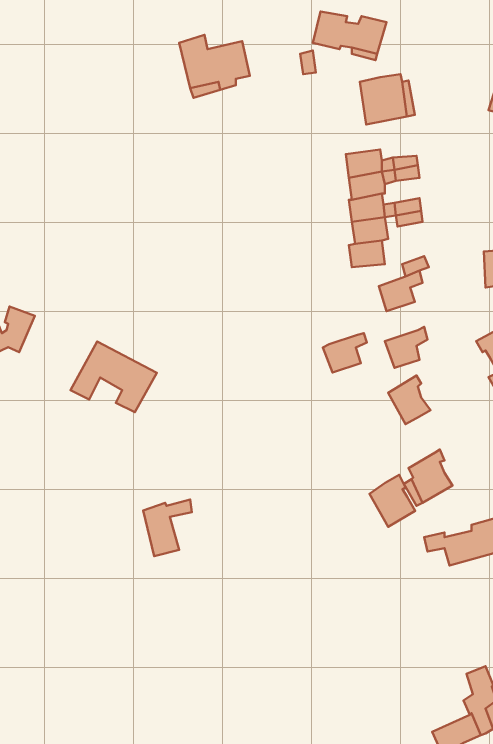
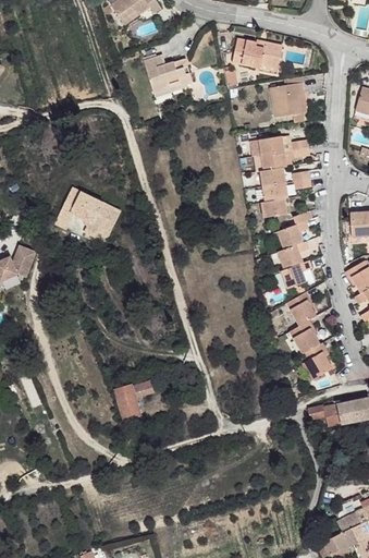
building: [323,333,367,372] -> [280,242,310,269]
building: [70,342,157,412] -> [51,191,111,240]
building: [369,475,415,527] -> [286,323,318,359]

